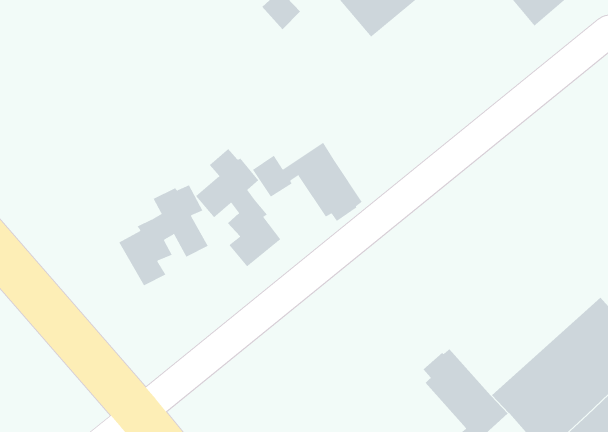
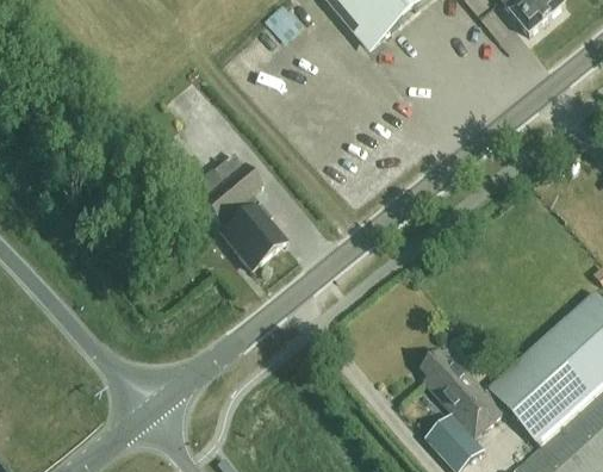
building: [252,142,363,222] -> none
building: [118,185,209,286] -> none

